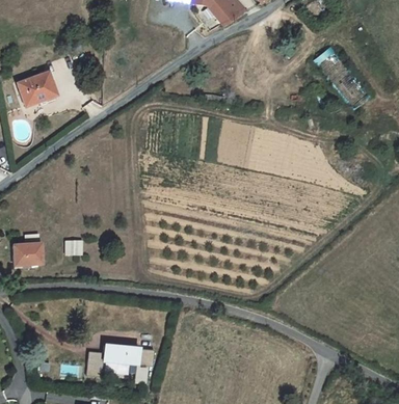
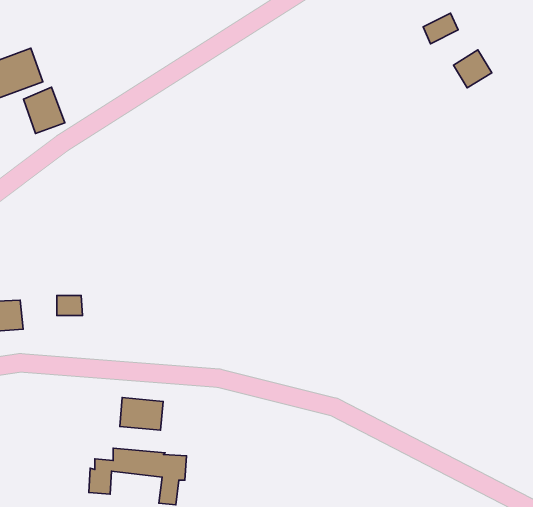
building: none -> [24,87,65,134]
building: none -> [120,398,163,430]

